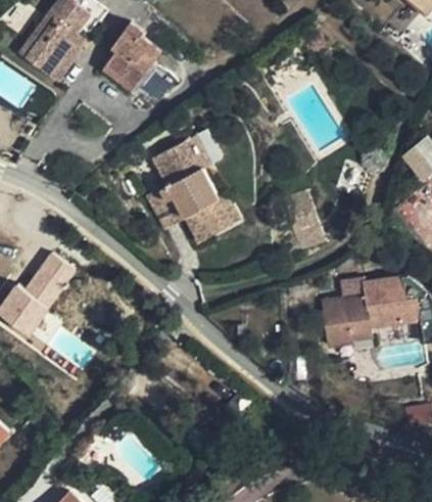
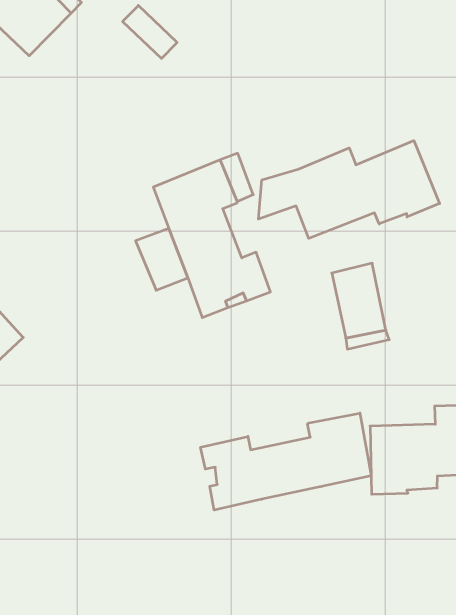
building: [103,49,146,89] -> none
building: none -> [258,141,440,238]
building: none -> [201,413,371,510]

